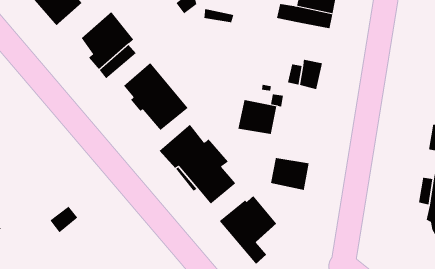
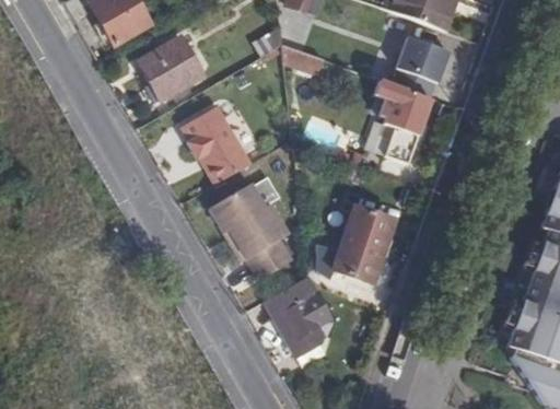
building: none -> [382,86,432,138]
building: [238,99,277,134] -> [343,204,394,250]

